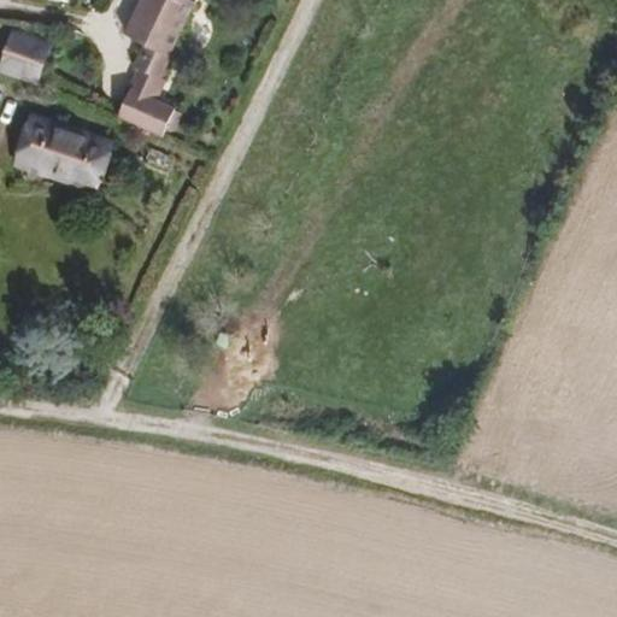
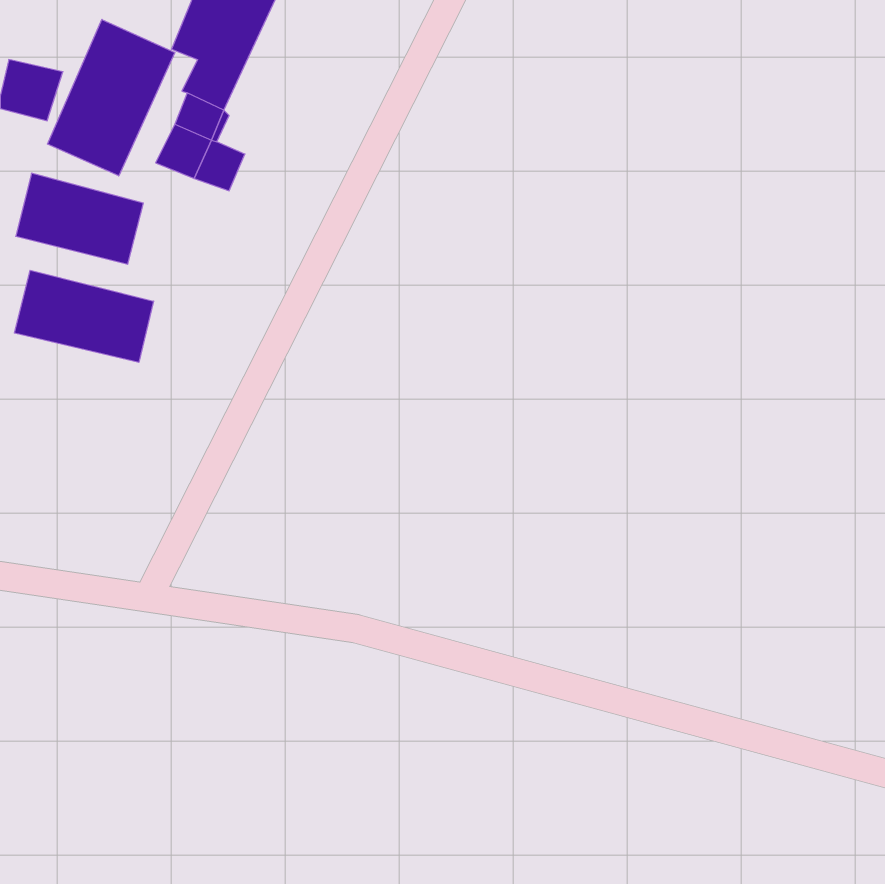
building: none -> [48,19,175,176]
building: none -> [14,270,154,362]

